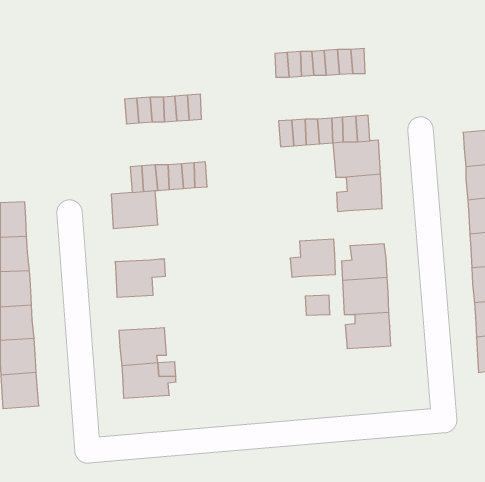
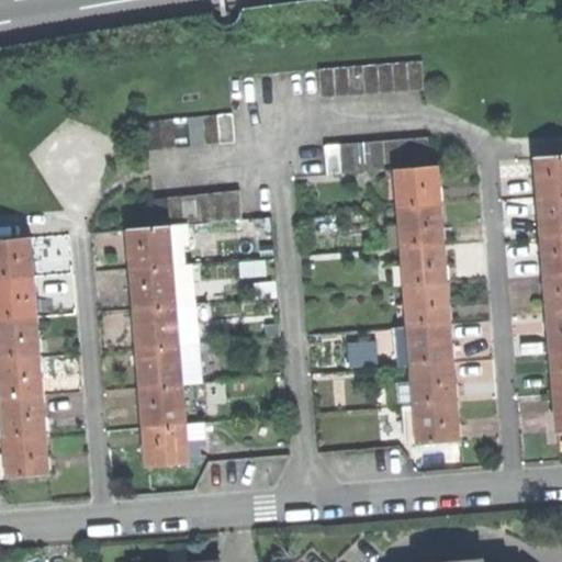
building: none -> [132,265,190,307]
building: [290,239,336,277] -> [392,246,445,290]
building: none -> [136,345,191,386]
building: none -> [402,404,454,445]

